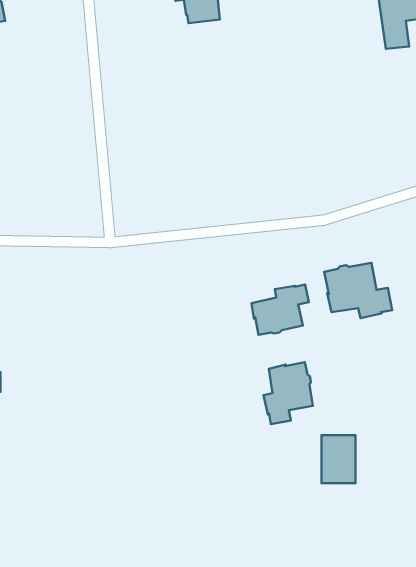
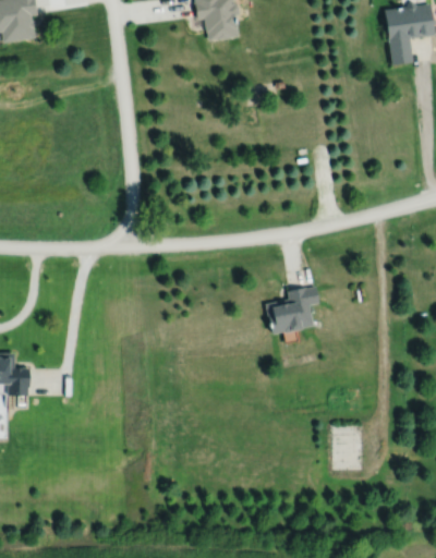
building: [324,263,392,318] -> none
building: [264,362,313,424] -> none

